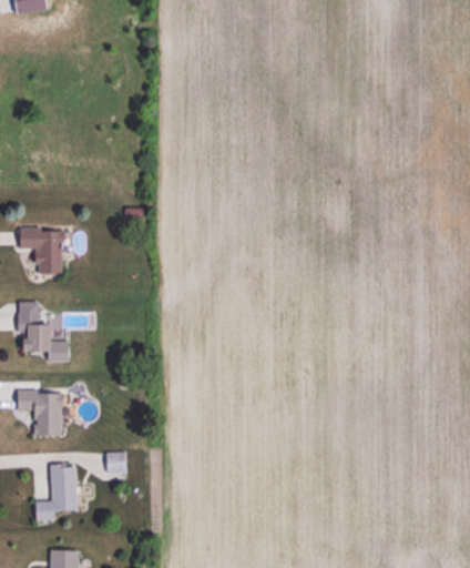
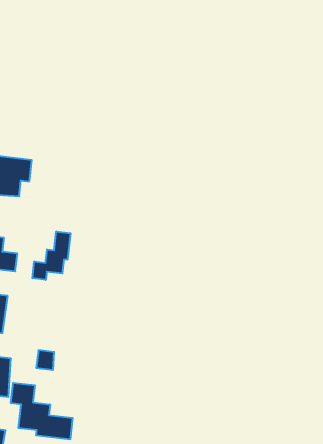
building: none -> [32,231,70,280]
building: none -> [11,383,73,439]

